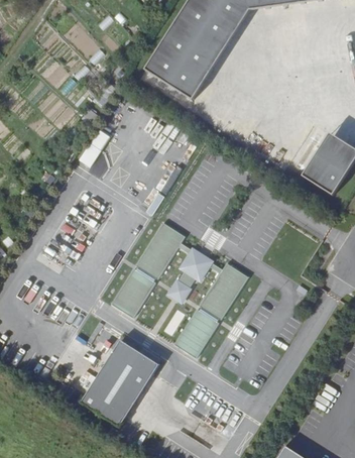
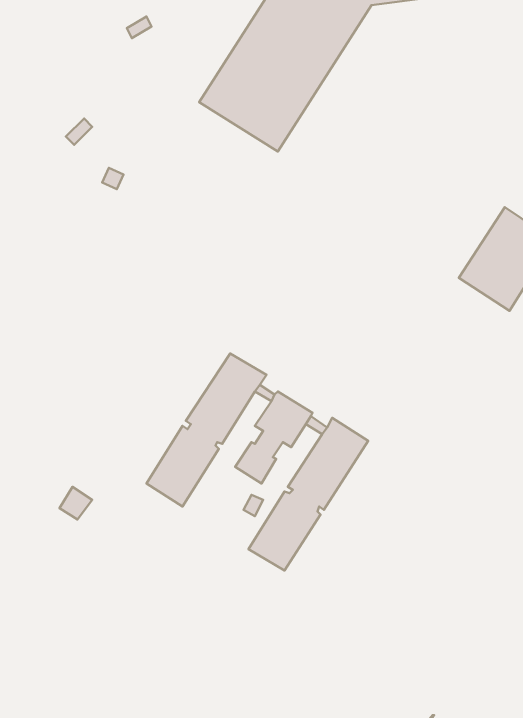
building: [80,339,158,427] -> none

